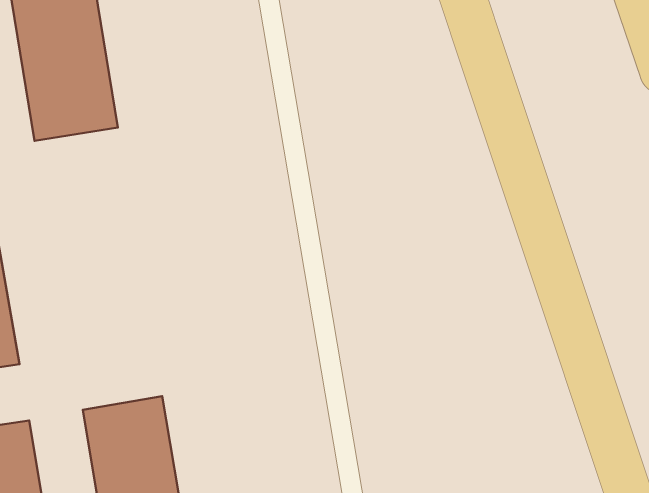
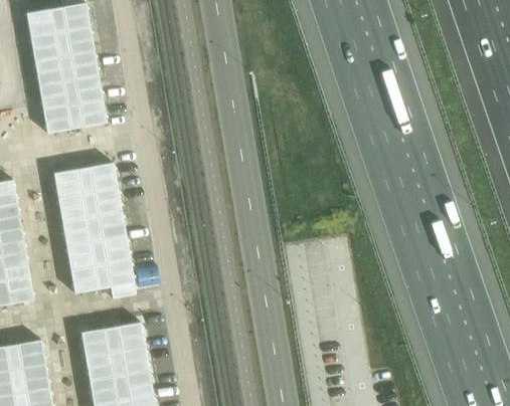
building: none -> [52,163,137,298]

